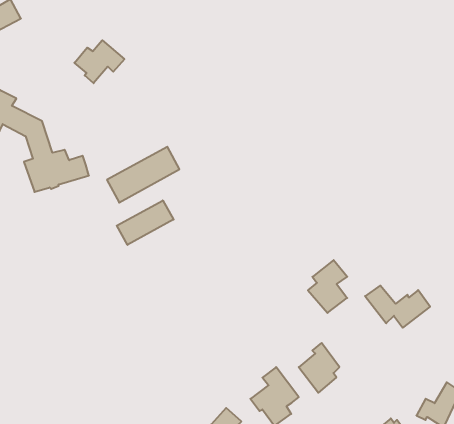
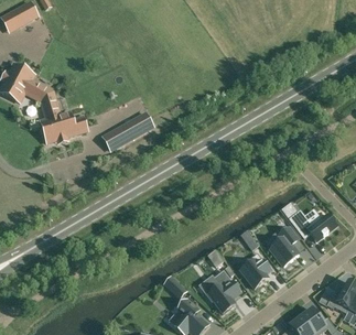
building: [74,40,124,83] -> none
building: [117,200,174,245] -> none
building: [308,260,347,313] -> [270,227,299,266]

